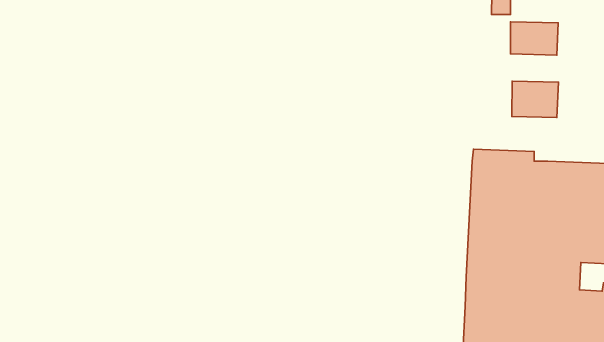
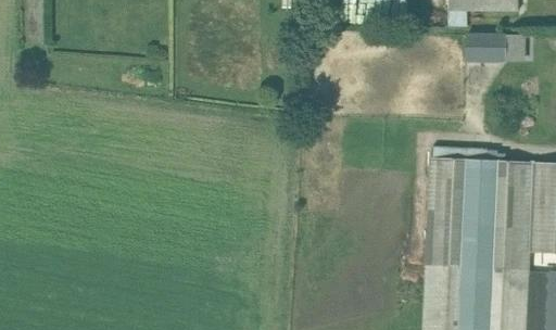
building: [512,81,559,117] -> none

